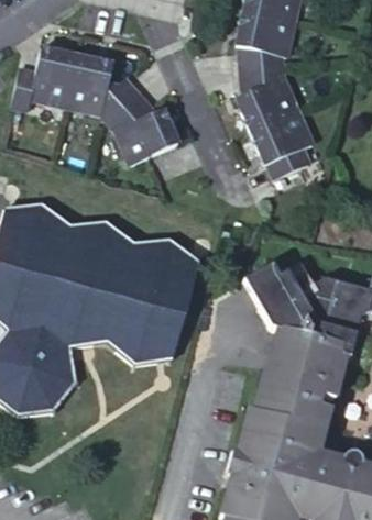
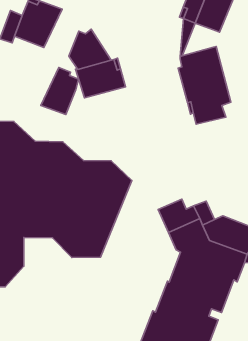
building: [244,53,284,96] -> none
building: [68,54,112,112] -> [41,67,79,114]

